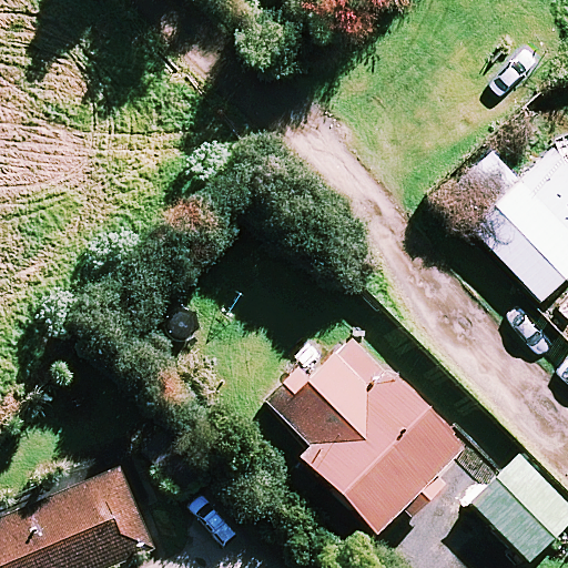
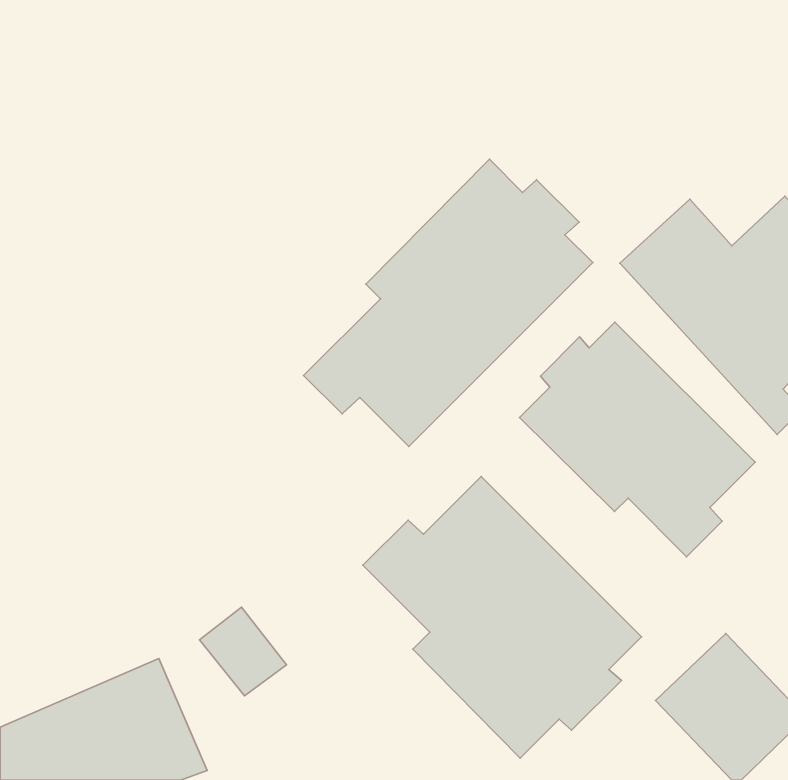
building: none -> [304,159,593,447]
building: none -> [519,322,755,557]

